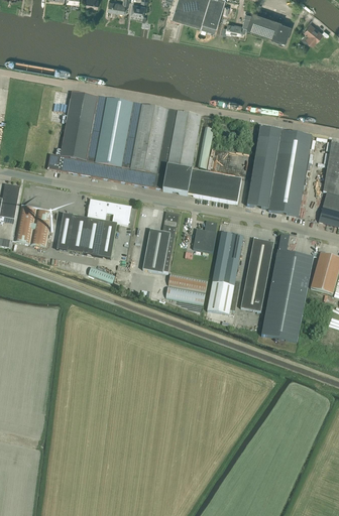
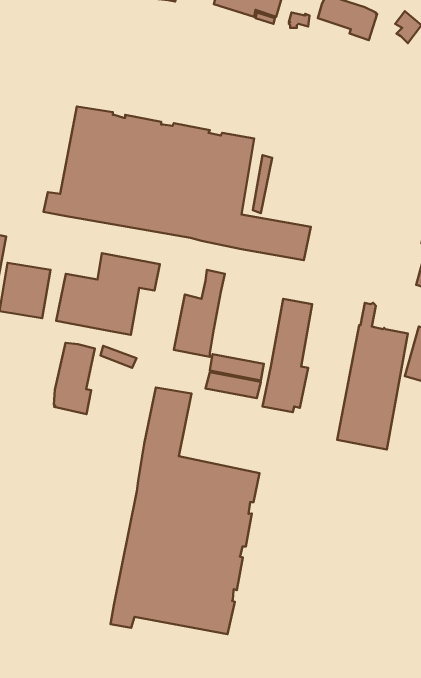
building: [246,126,311,214] -> none
building: [192,219,217,251] -> none
building: [240,237,273,310] -> none
building: none -> [54,343,95,414]
building: none -> [110,387,260,634]

